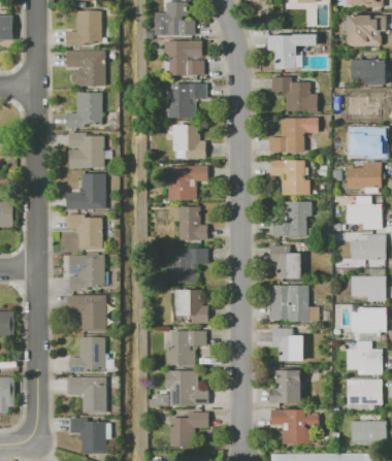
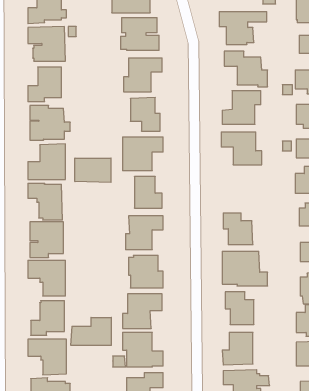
building: none -> [75,158,111,182]
building: [271,201,311,235] -> none
building: none -> [71,317,111,345]

